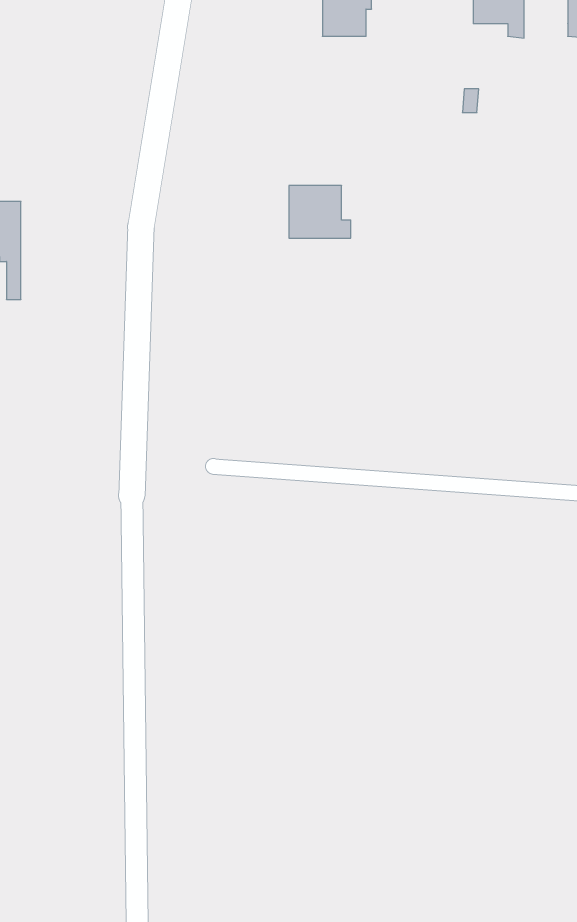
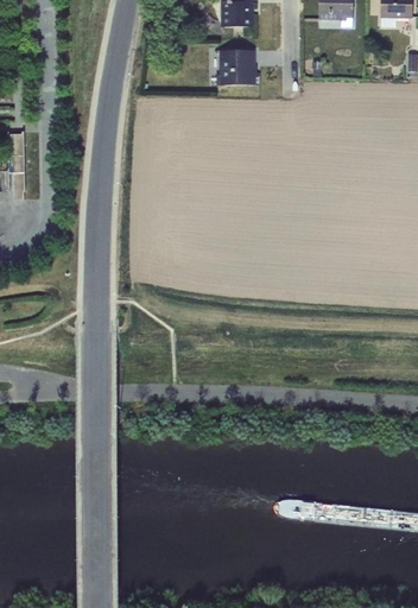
building: [289,186,351,238] -> [218,48,259,82]

